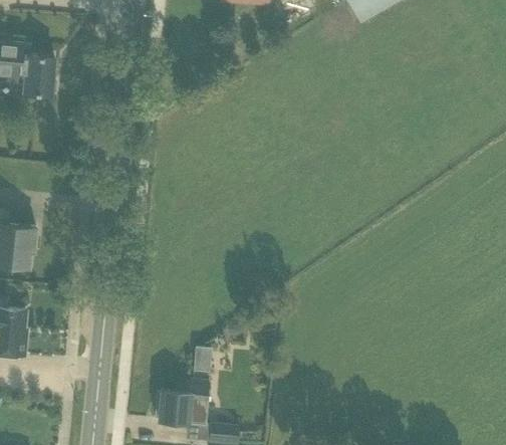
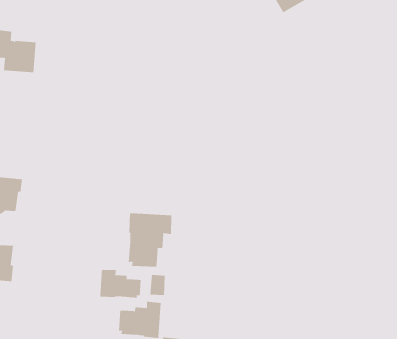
building: none -> [128,212,172,268]
building: none -> [100,269,141,298]

